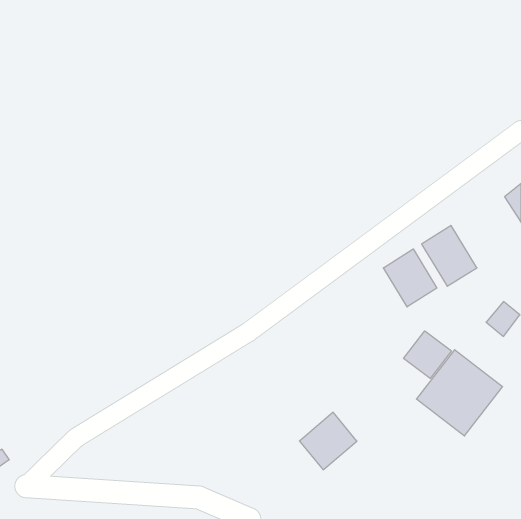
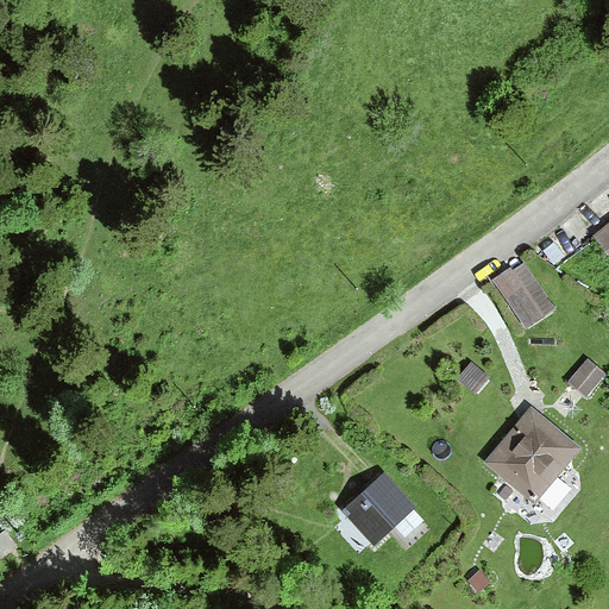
building: [383,249,437,307] -> none
building: [404,331,451,378] -> none

